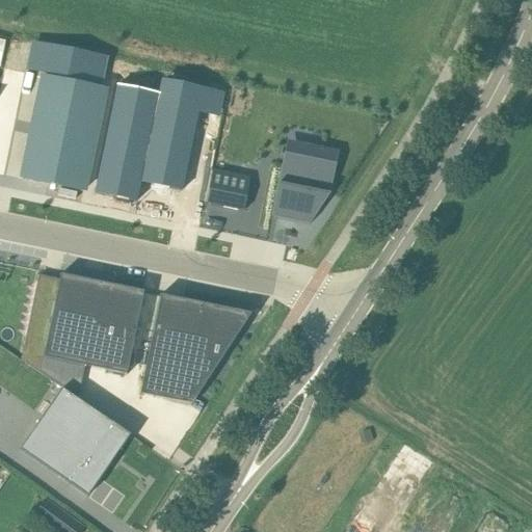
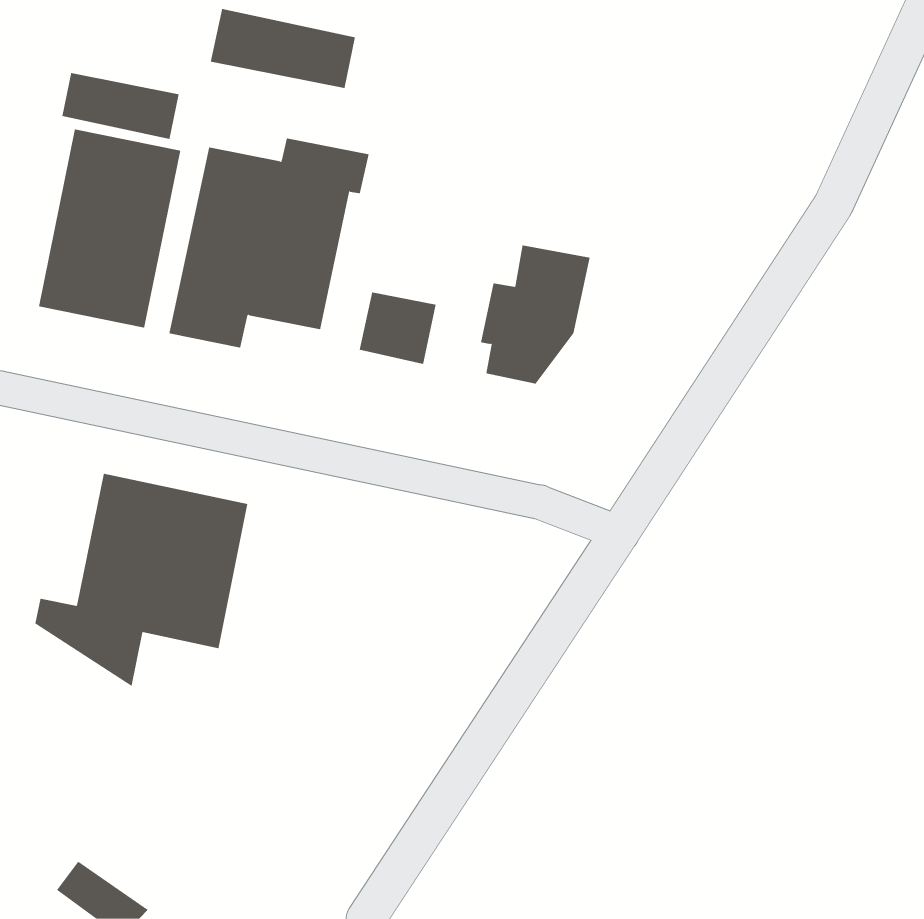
building: none -> [210,8,356,89]
building: [140,292,242,402] -> none
building: [18,389,127,495] -> none

